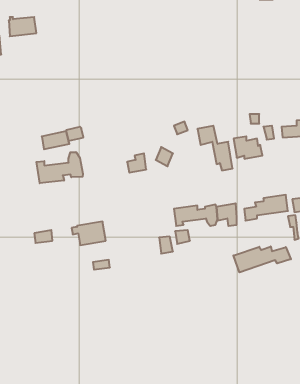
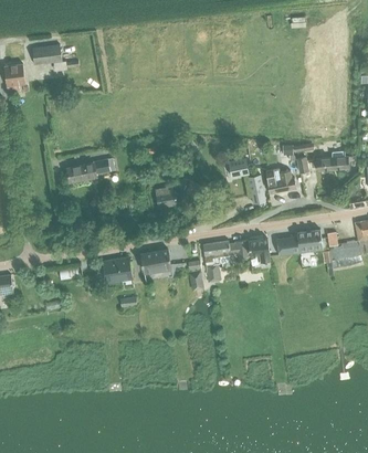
building: [36,152,83,183] -> none
building: none -> [141,252,170,273]
building: [233,246,291,272] -> none

